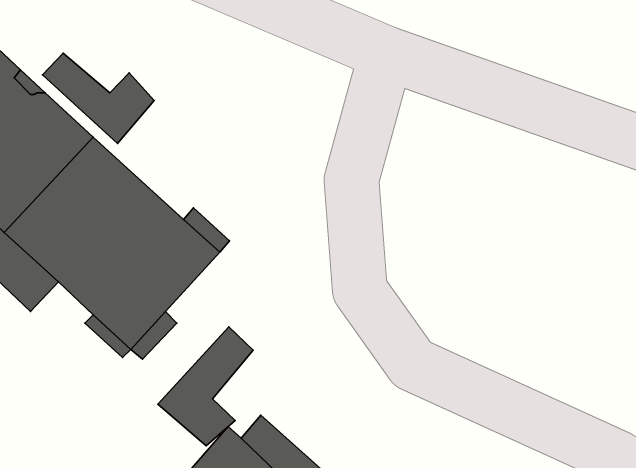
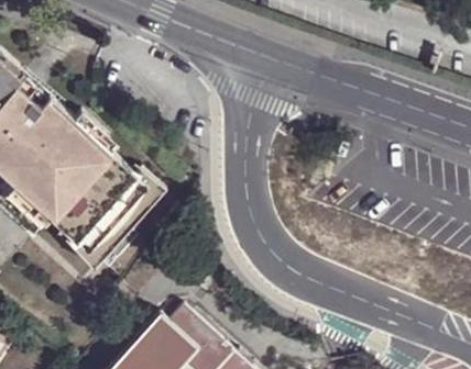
building: [42,53,154,143] -> none
building: [158,327,253,446] -> none

